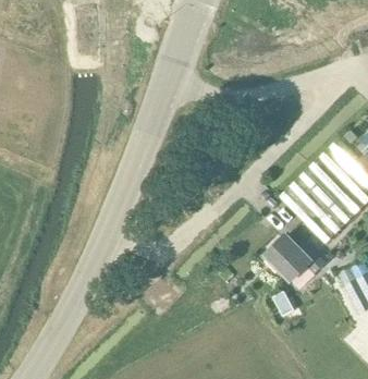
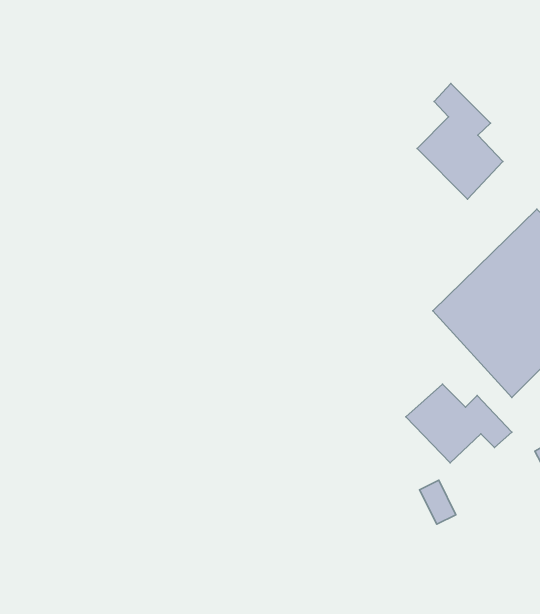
building: none -> [417,84,503,199]

